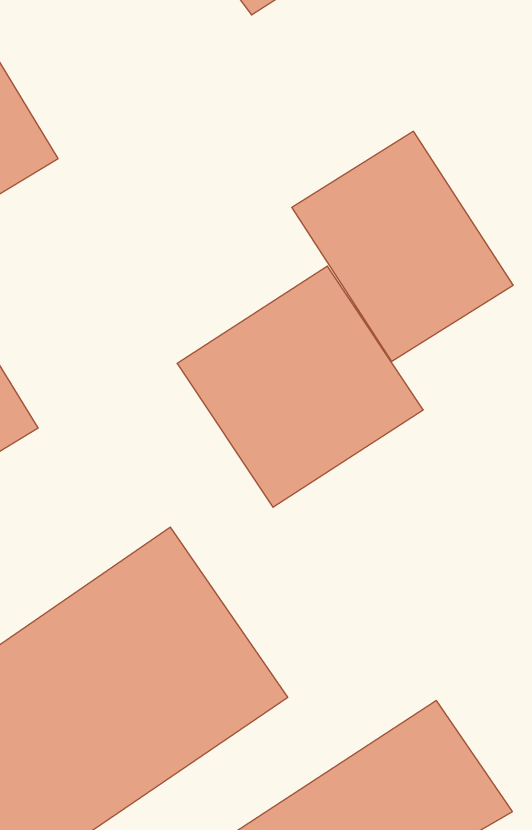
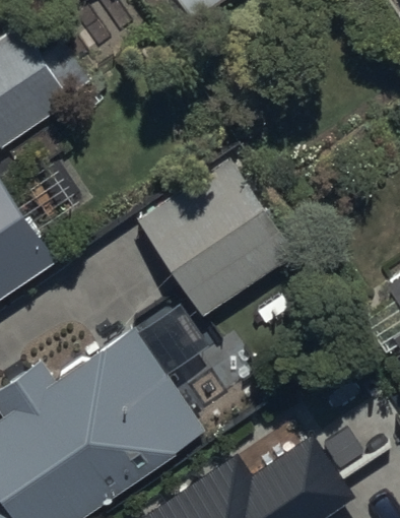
building: [292,131,513,361] -> none

